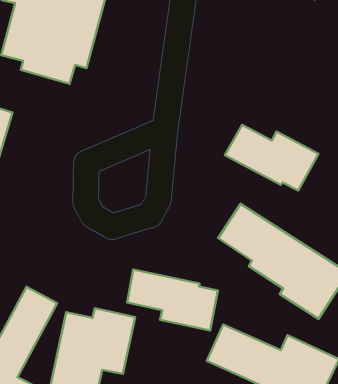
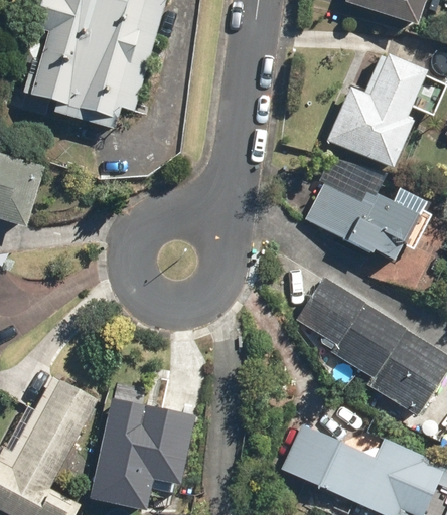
building: none -> [326,52,427,169]
building: [127,269,218,330] -> none

